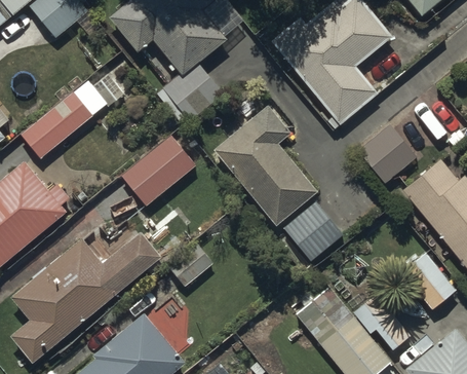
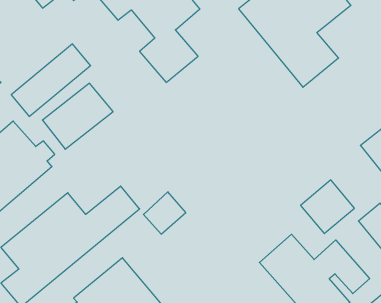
building: [212,105,318,228] -> none
building: [356,121,417,182] -> none
building: [121,134,198,205] -> [42,83,113,149]
building: [283,201,342,260] -> [301,180,354,234]

